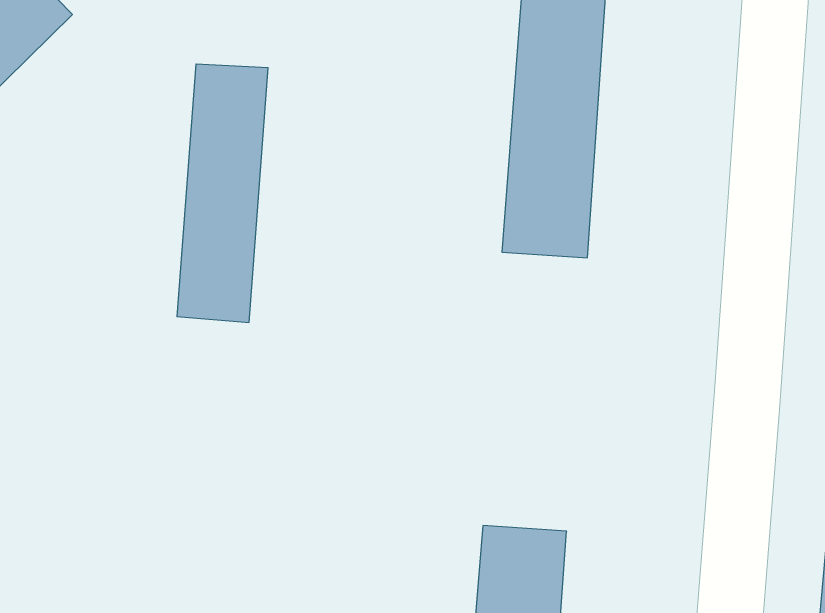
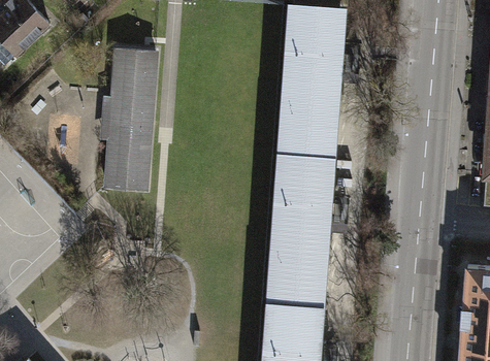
building: none -> [273,154,330,305]

